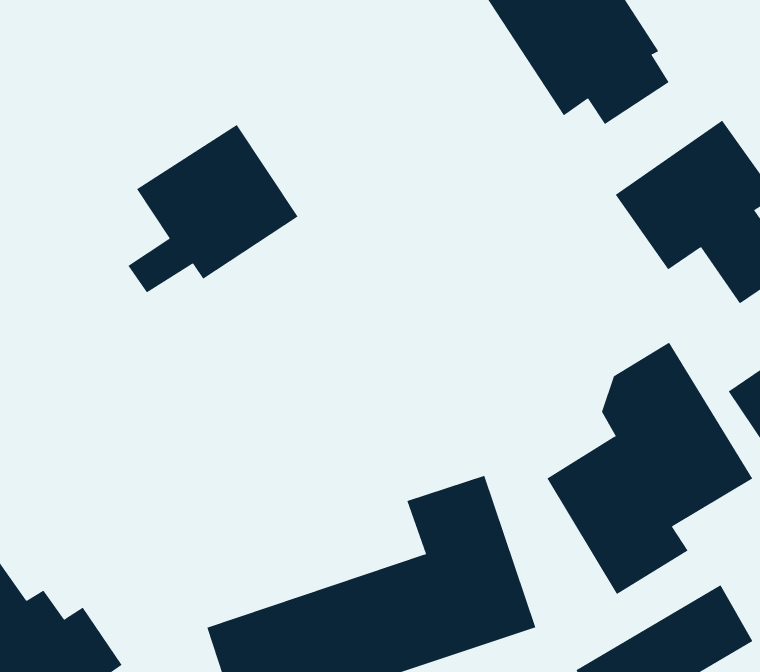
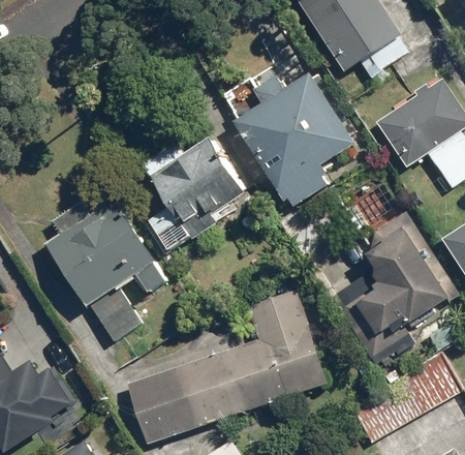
building: none -> [233,72,354,208]
building: [128,124,299,293] -> [144,136,247,239]
building: none -> [48,201,168,341]

